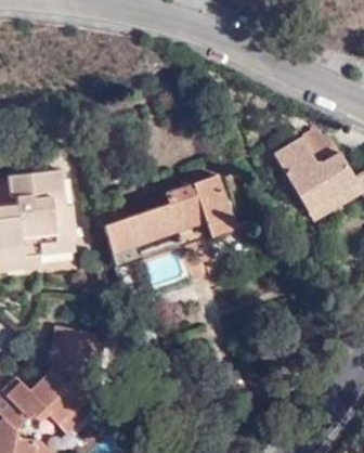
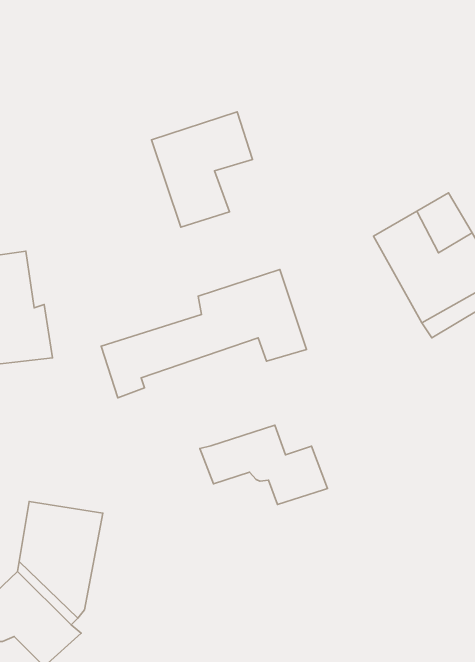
building: none -> [152,112,253,227]
building: none -> [200,425,327,505]

